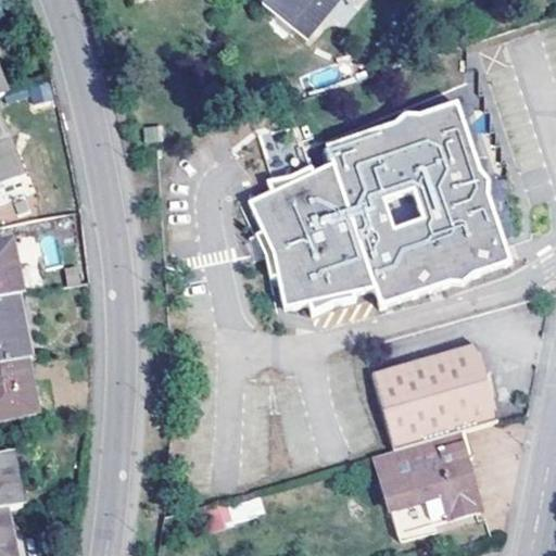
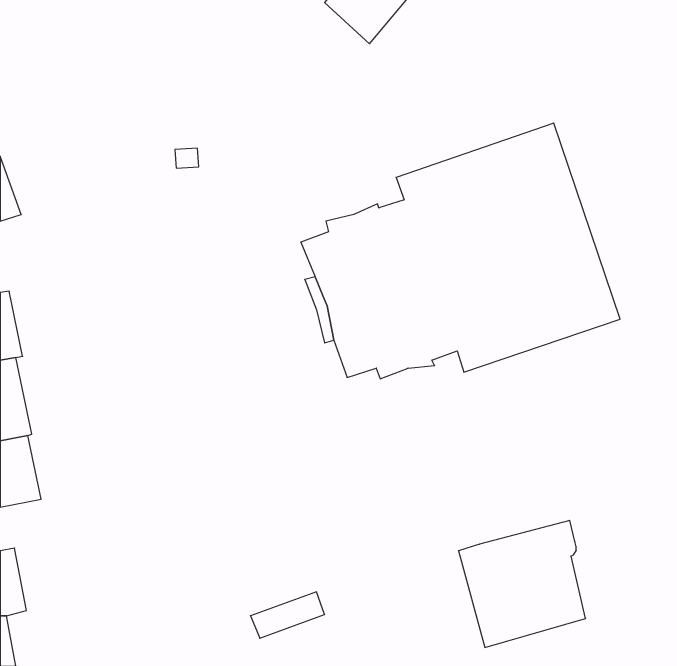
building: [370,339,495,446] -> none

